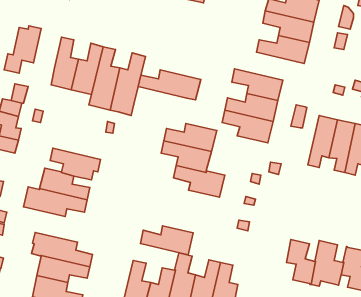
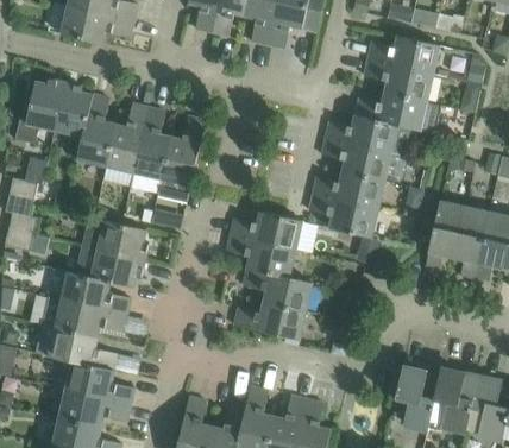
building: none -> [55,83,93,137]
building: [138,70,201,100] -> [326,115,410,156]
building: none -> [81,215,149,260]
building: none -> [34,324,118,372]
building: [140,226,193,255] -> [234,302,306,341]

